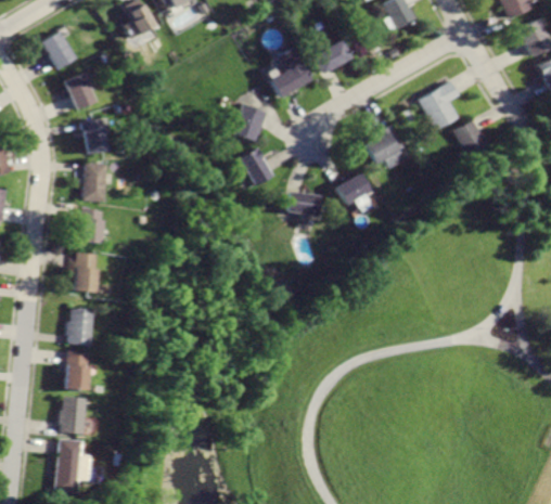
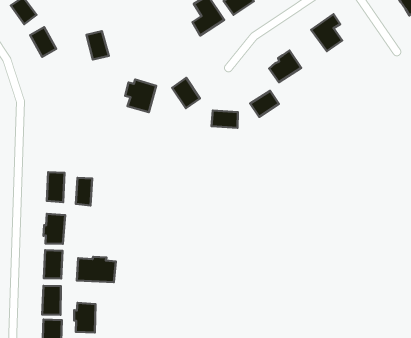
building: [230,102,270,144] -> [125,80,156,112]
building: [85,117,111,152] -> [87,31,109,60]
building: [456,119,489,156] -> none
building: [87,163,111,202] -> none
building: [82,208,105,244] -> [76,178,92,205]
building: none -> [77,257,116,282]
building: none -> [74,303,96,332]

